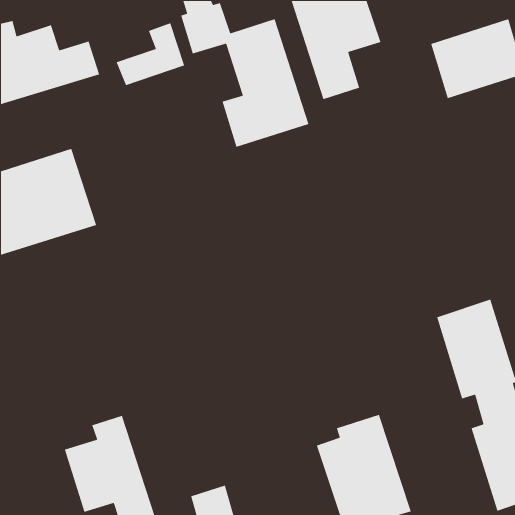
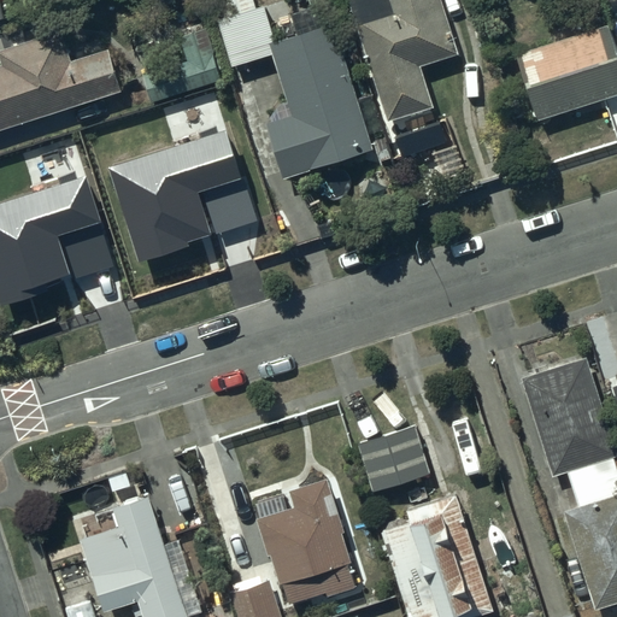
building: none -> [113,134,260,264]
building: none -> [357,427,431,492]
building: none -> [254,478,354,605]

